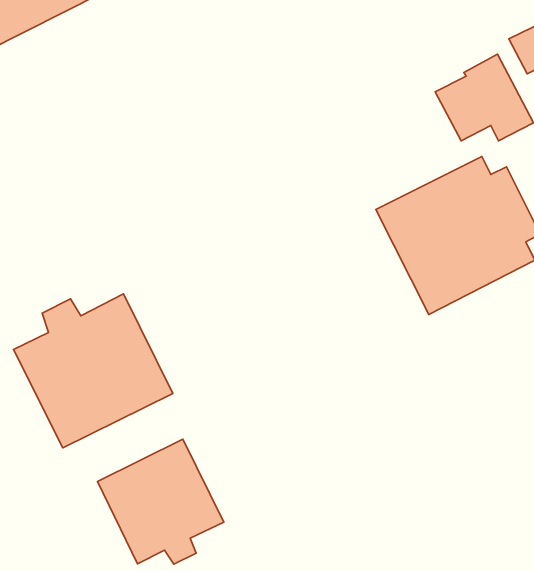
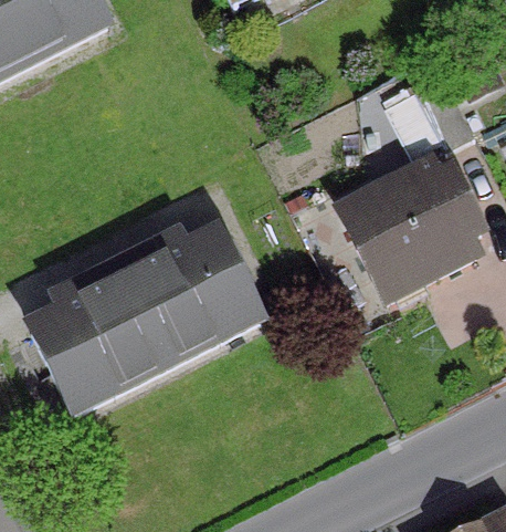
building: none -> [125,232,261,364]
building: [97,439,224,564] -> none

